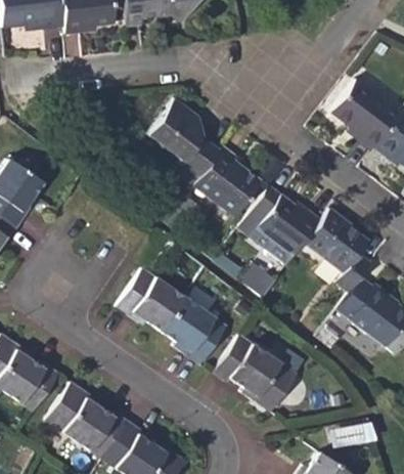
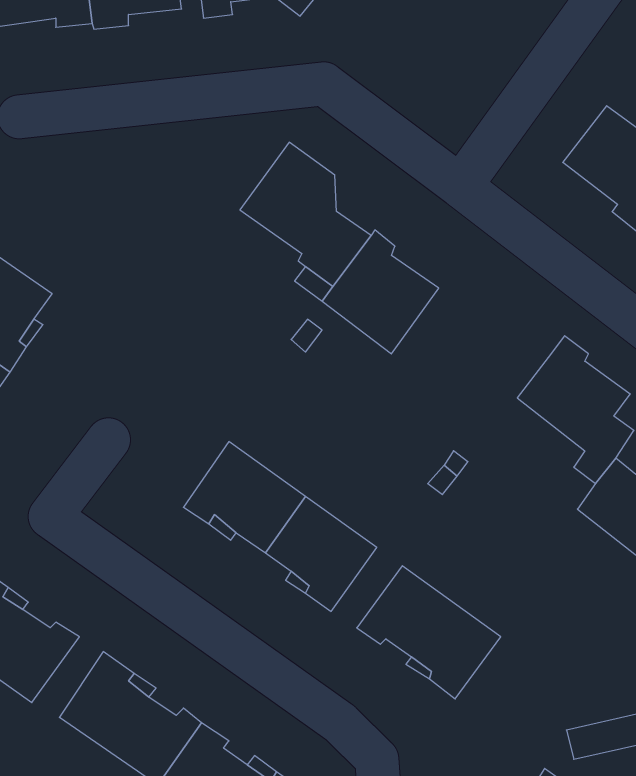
building: [239,185,321,262] -> none

